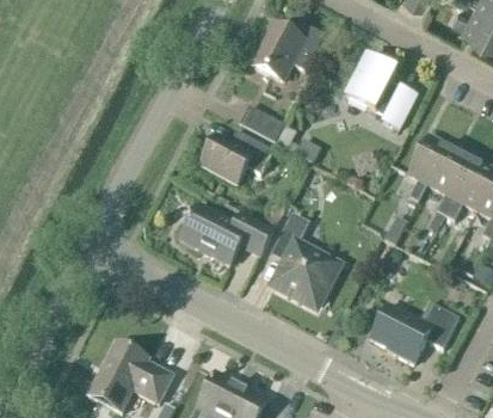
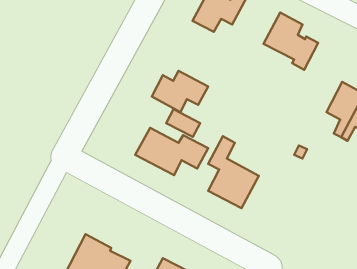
building: [239,109,283,145] -> [166,109,200,137]
building: [407,137,446,204] -> none
building: [369,305,458,367] -> none

